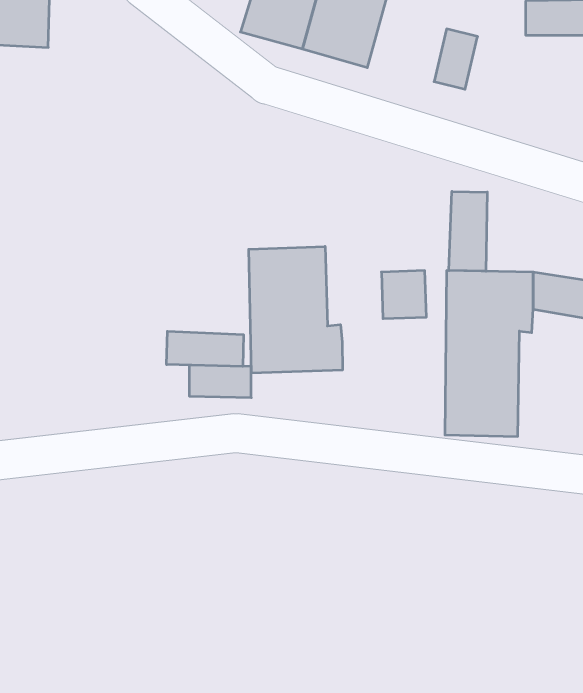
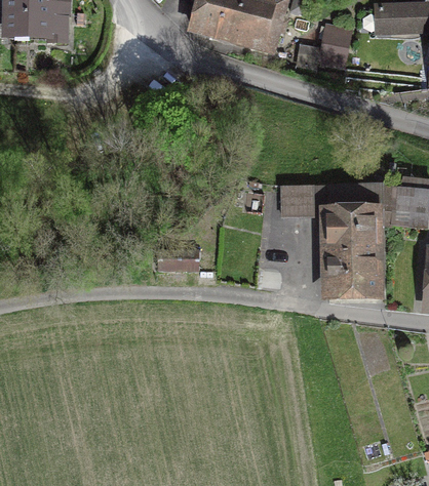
building: [449,191,487,271] -> none
building: [249,246,342,373] -> none
building: [167,331,243,366] -> none

